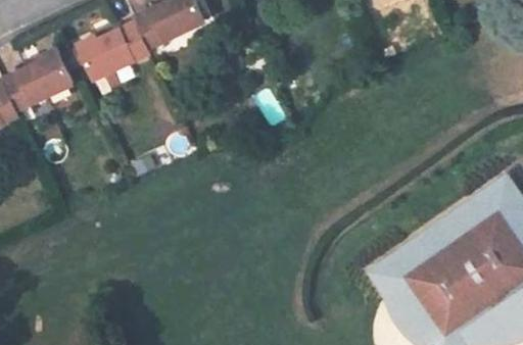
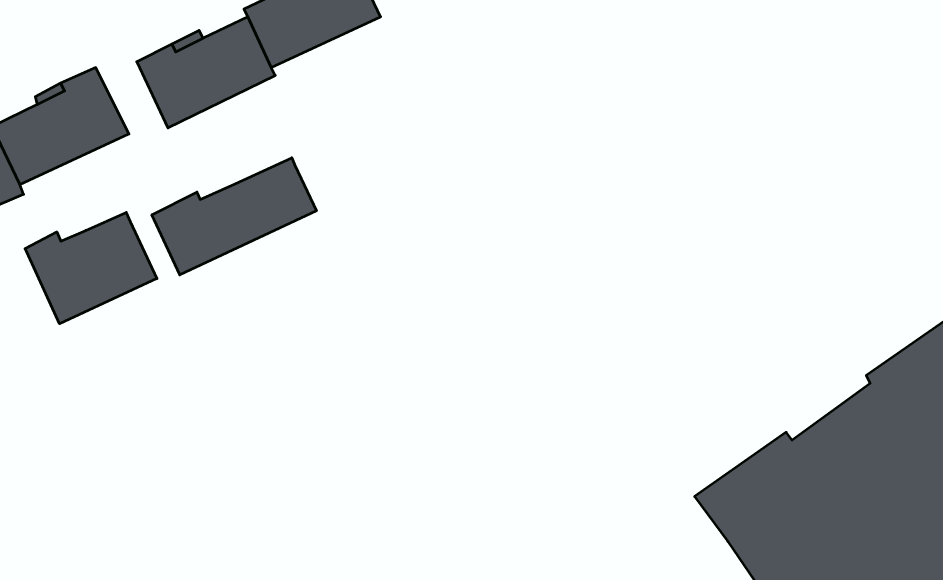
building: none -> [152,158,316,275]
building: none -> [25,212,157,324]

